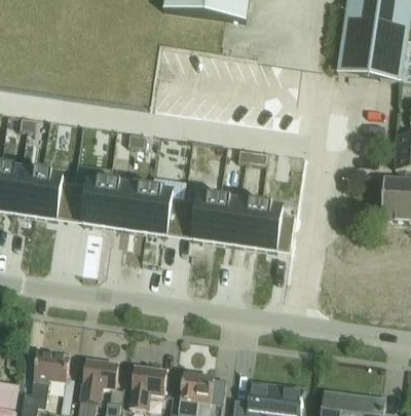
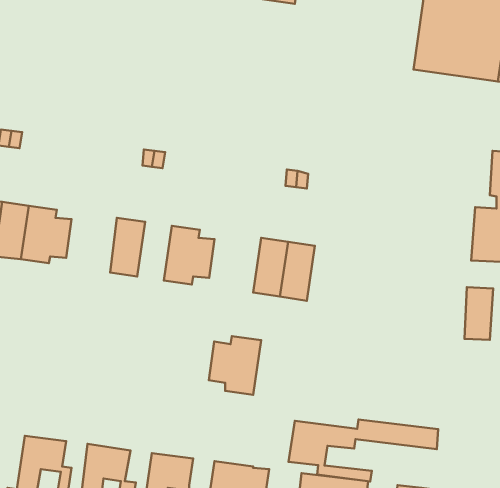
building: [70,181,109,226] -> none
building: [124,187,151,232] -> none
building: [180,196,220,241] -> [209,336,261,395]
building: [255,205,295,251] -> none
building: none -> [465,287,493,340]
building: none -> [289,420,438,481]

